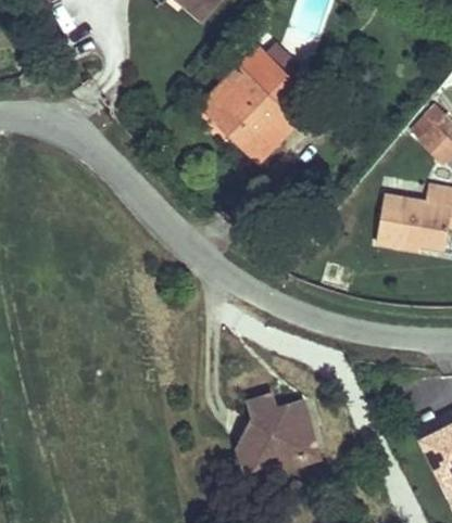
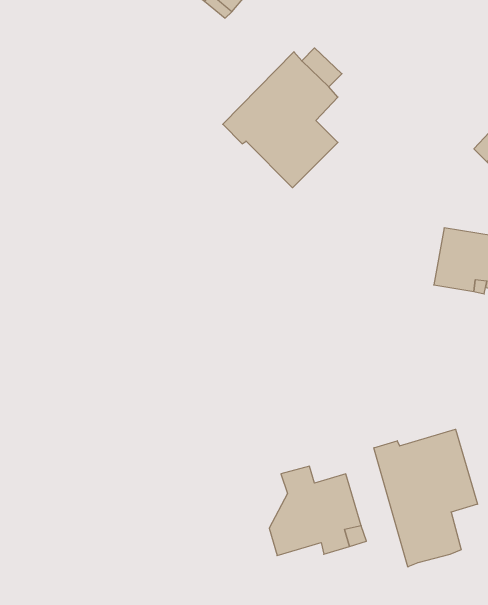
building: none -> [374,429,478,567]

